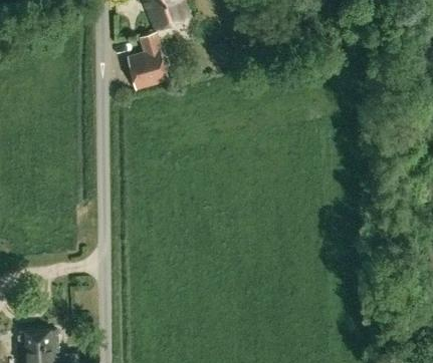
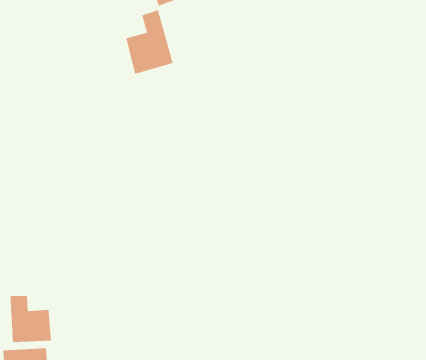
building: none -> [10,295,52,343]

